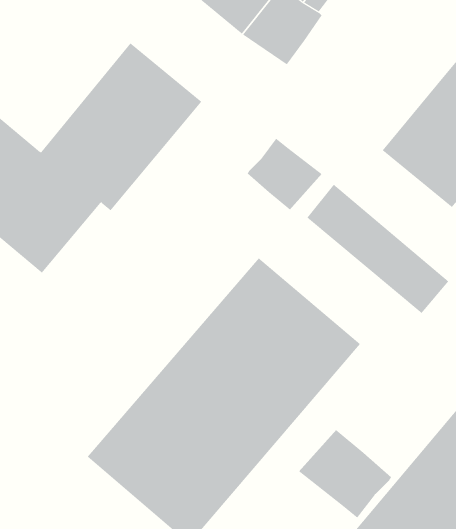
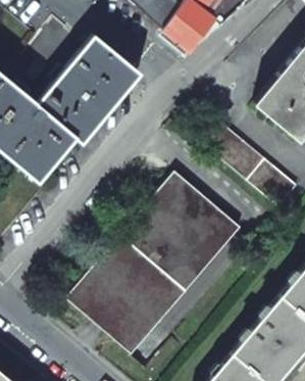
building: [247,138,322,211] -> none
building: [298,429,392,519] -> none

